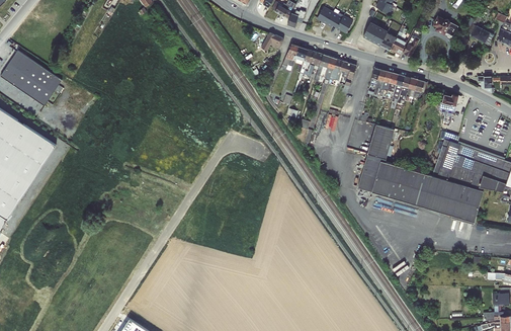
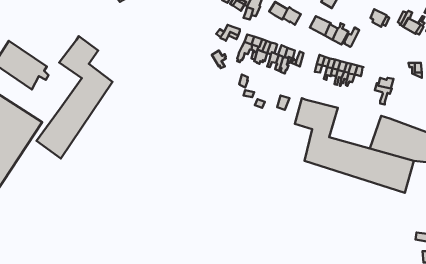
building: none -> [37,36,112,158]

